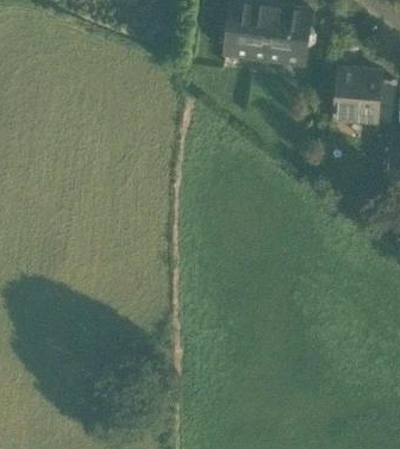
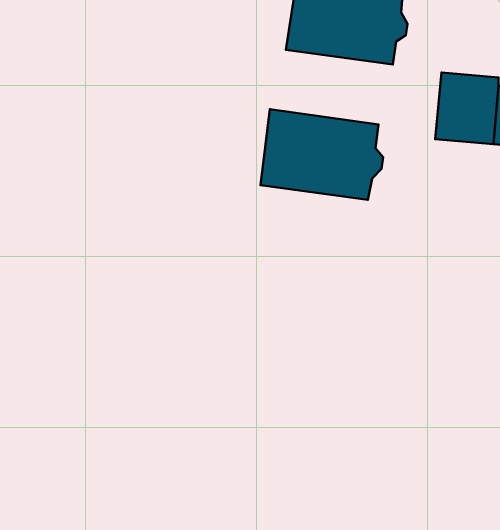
building: none -> [260,109,383,200]

